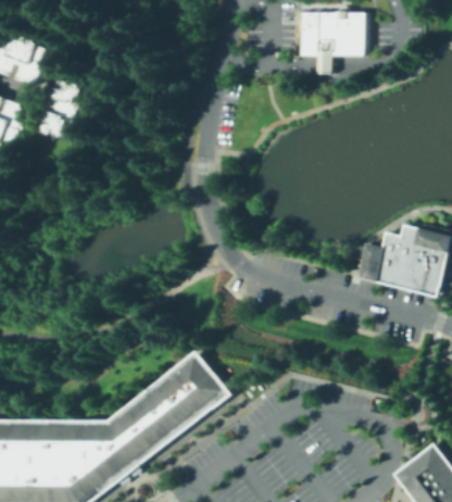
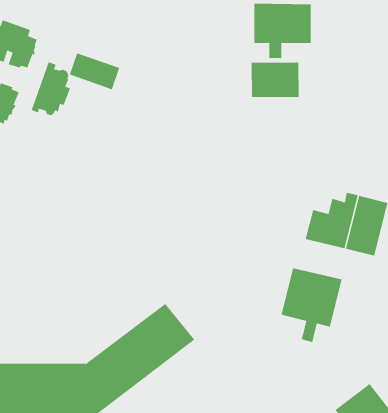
building: none -> [69,52,120,90]
building: none -> [251,62,299,98]
building: none -> [281,268,342,343]

